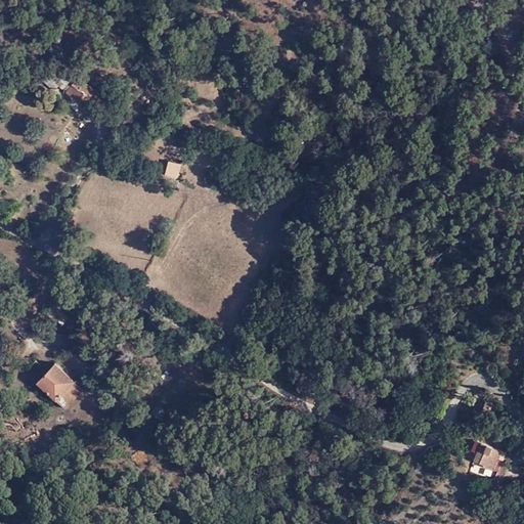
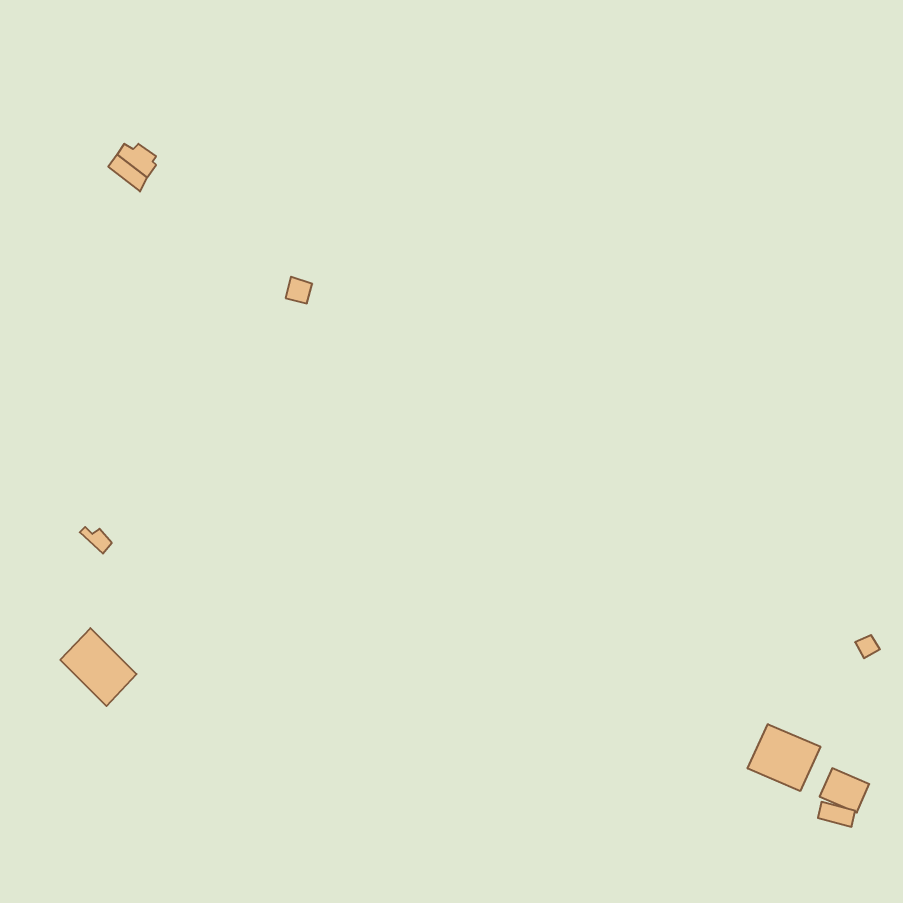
building: none -> [748,724,820,791]

